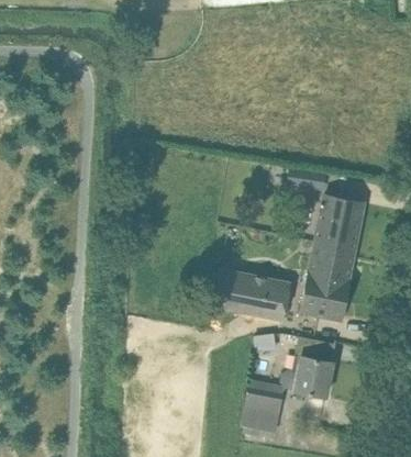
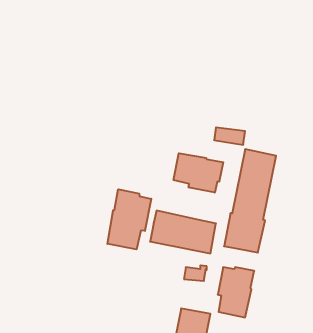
building: none -> [174,153,223,193]
building: none -> [107,189,151,249]

